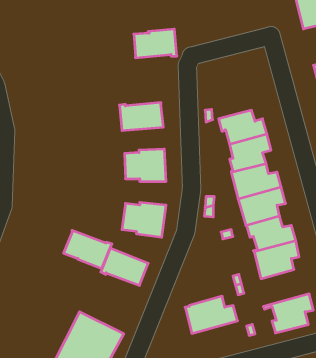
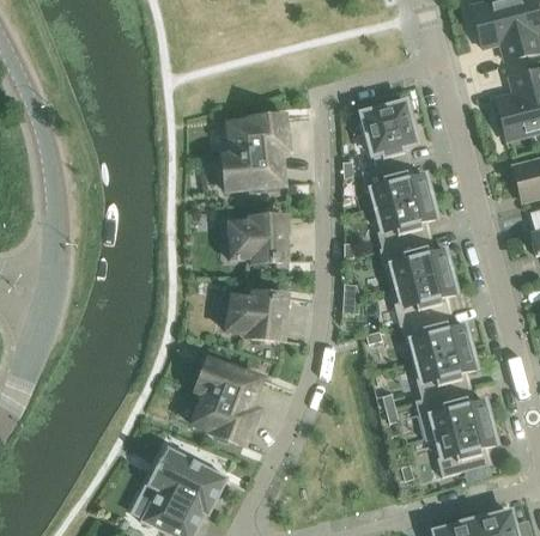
building: [134,29,177,58] -> [227,114,289,154]
building: none -> [362,100,417,172]
building: [64,230,112,268] -> [190,390,259,444]
building: [185,296,238,333] -> [415,385,490,438]

